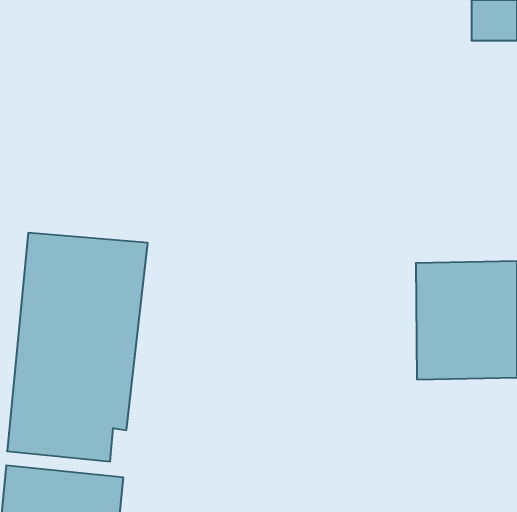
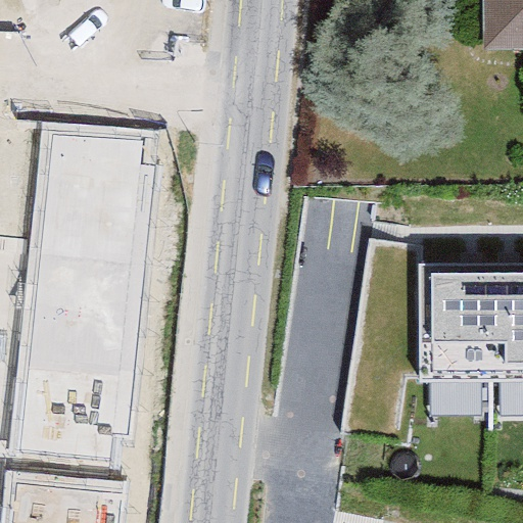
building: none -> [29,127,158,250]

